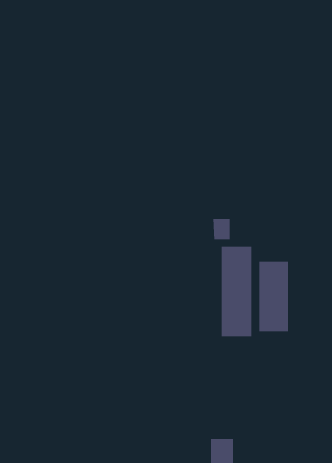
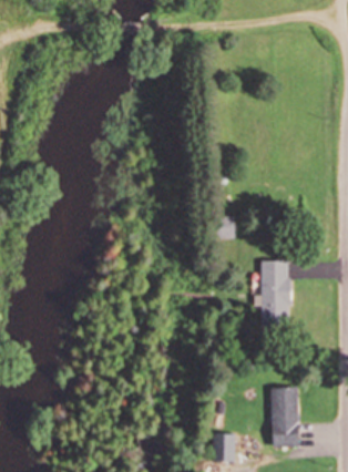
building: [221,246,252,337] -> none
building: none -> [272,387,298,448]

